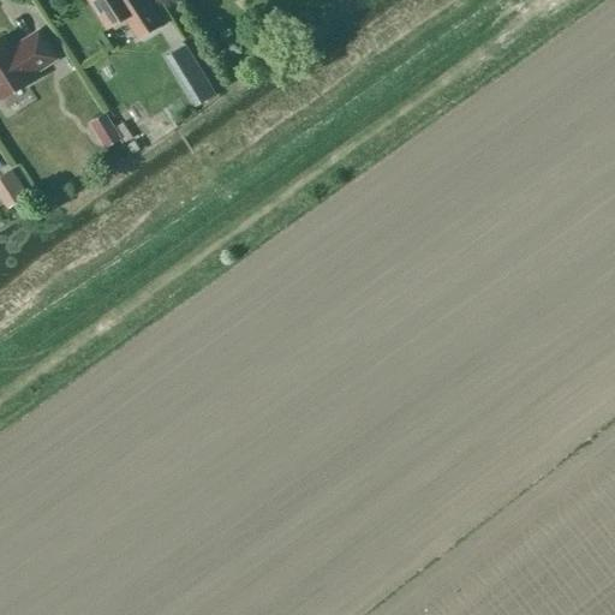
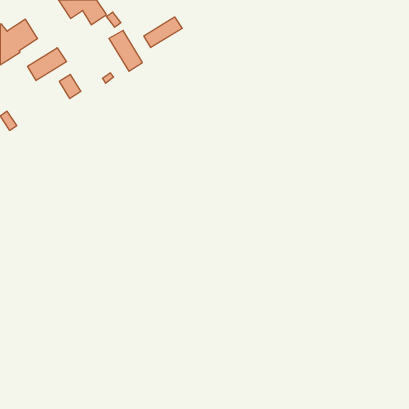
building: none -> [144,17,182,48]
building: none -> [28,48,67,81]

